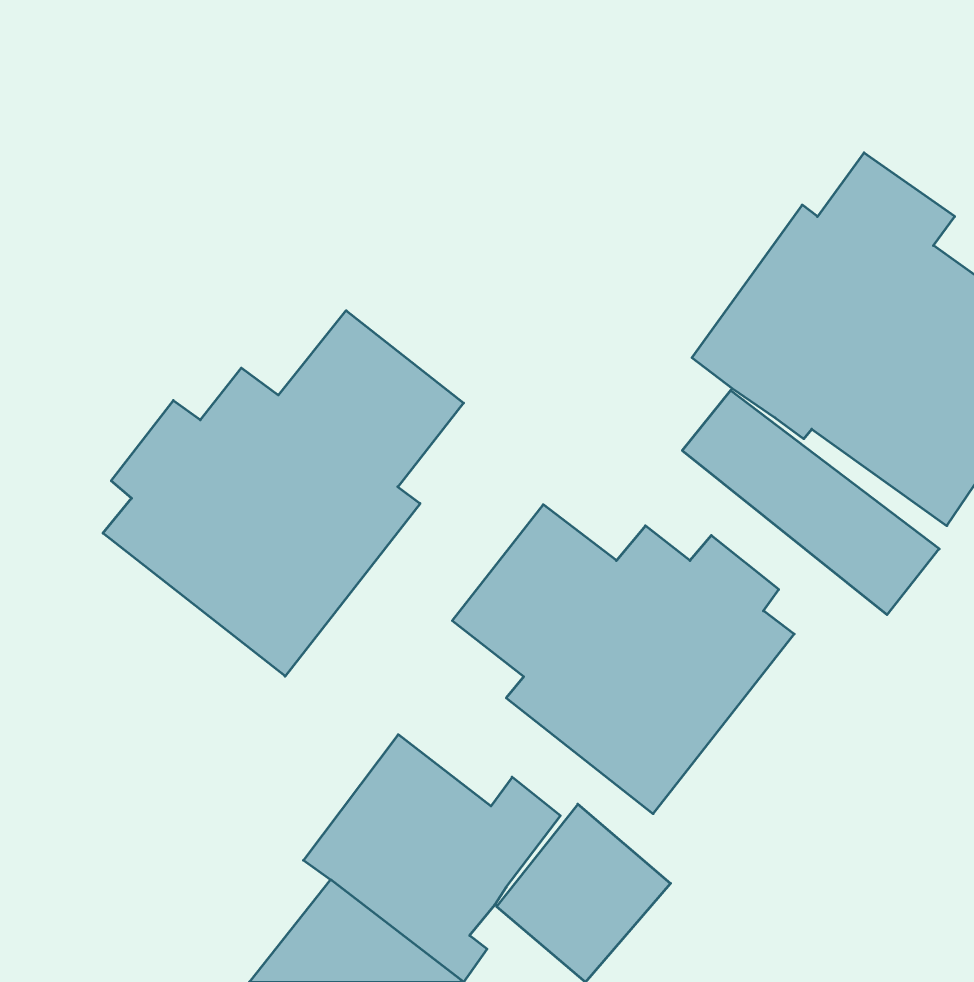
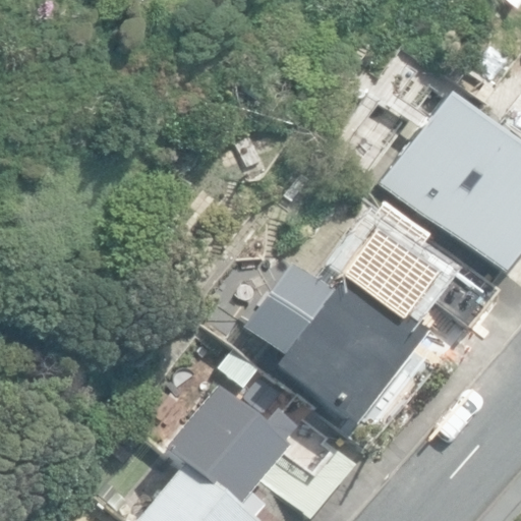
building: [103,311,464,676] -> none

